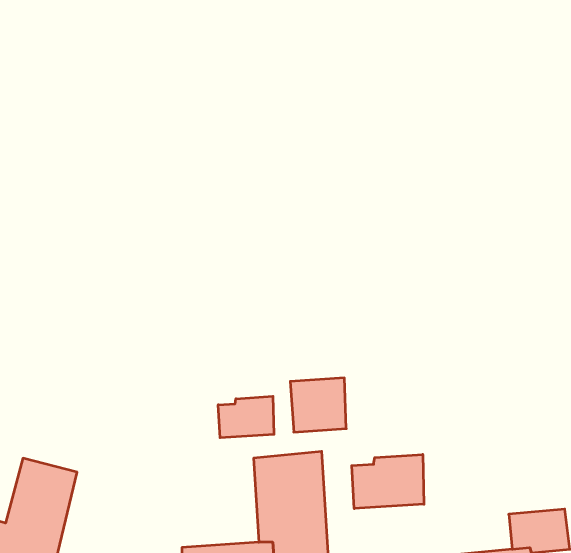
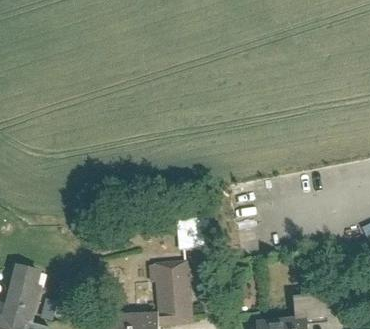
building: [218,396,274,438] -> none
building: [352,454,424,509] -> none

